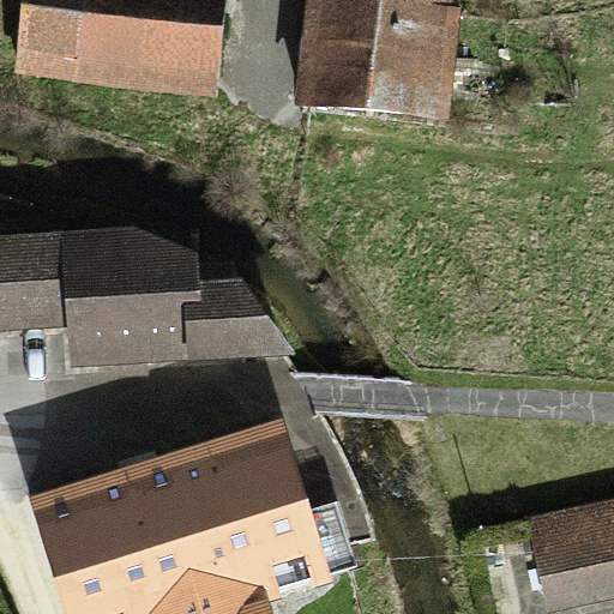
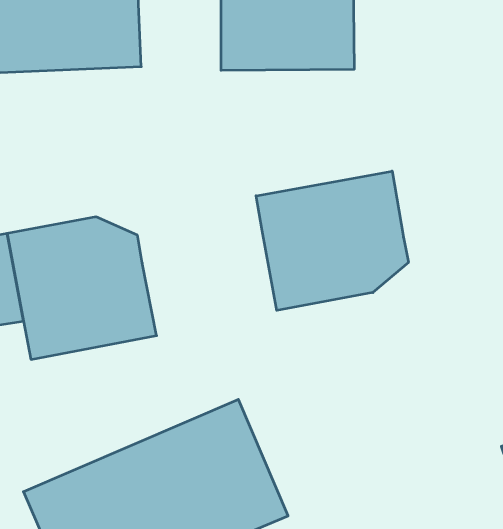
building: none -> [256,171,408,310]
building: [189,282,267,361] -> none

